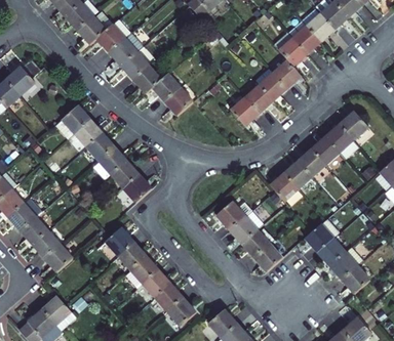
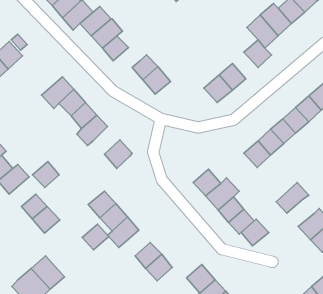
building: [129,71,158,98] -> none
building: [253,72,285,104] -> none
building: [108,156,136,185] -> none
building: [17,214,46,242] -> [32,162,59,187]
building: [316,235,346,263] -> [241,219,269,246]
building: [141,267,169,295] -> [82,224,109,250]

